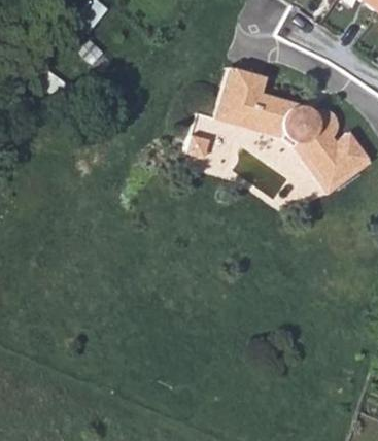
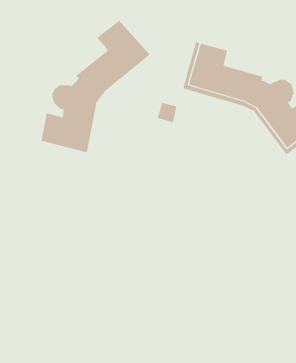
building: none -> [41,20,151,153]

